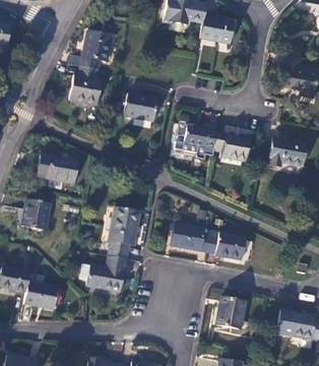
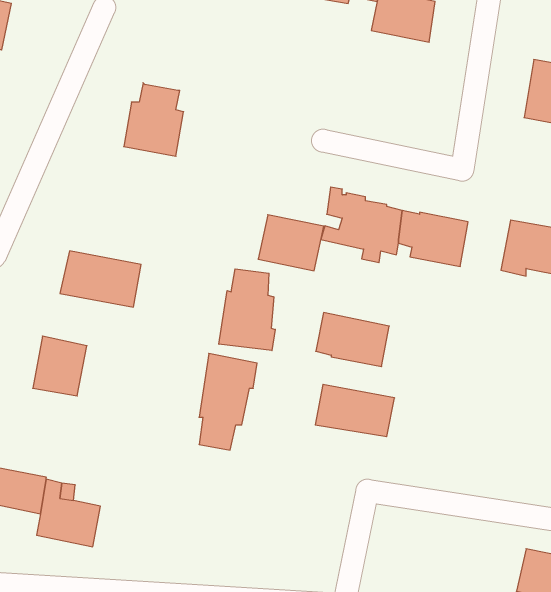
building: [80,31,112,69] -> none
building: [123,93,157,122] -> [258,215,324,271]
building: none -> [219,269,275,351]
building: [207,231,246,259] -> [316,313,389,367]
building: [77,255,125,291] -> none
building: [215,297,245,328] -> none

